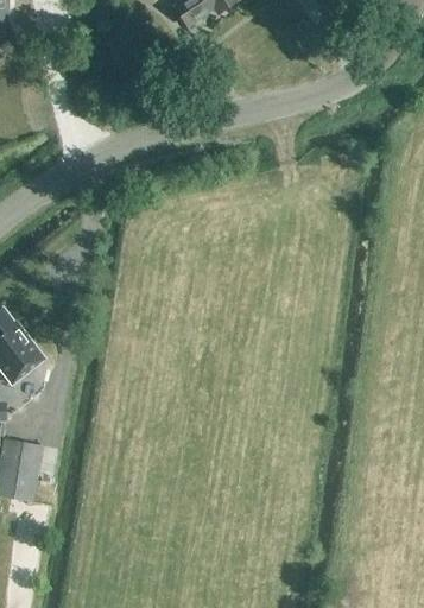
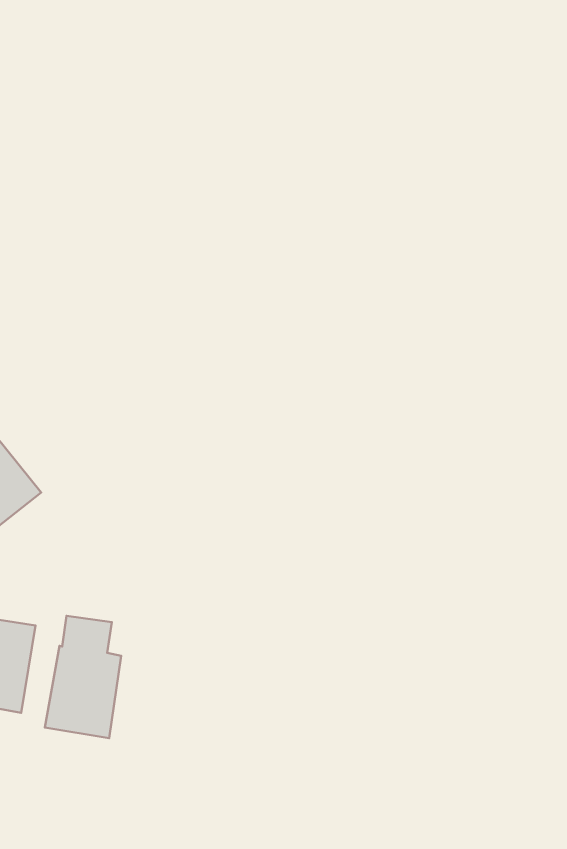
building: none -> [45,616,121,738]

